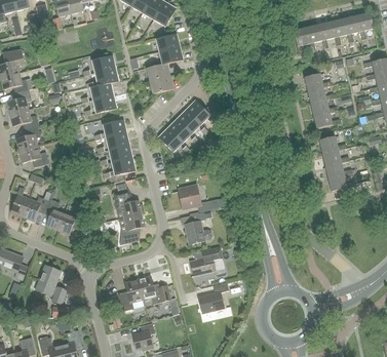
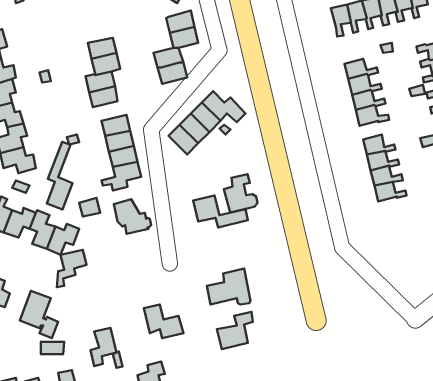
building: none -> [47,142,73,209]
building: [184,212,211,244] -> [224,174,257,213]
building: [120,213,145,244] -> [57,250,87,287]
building: [121,279,143,311] -> [91,328,117,366]

